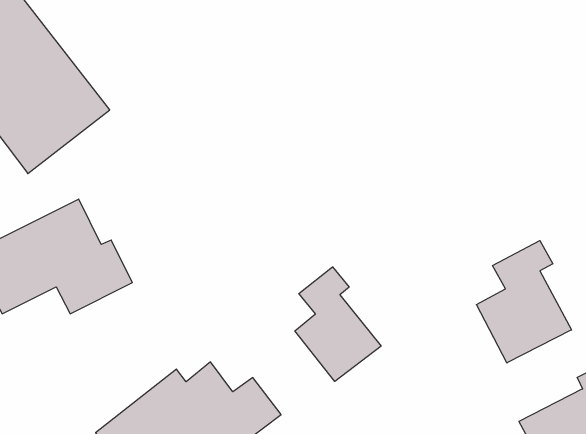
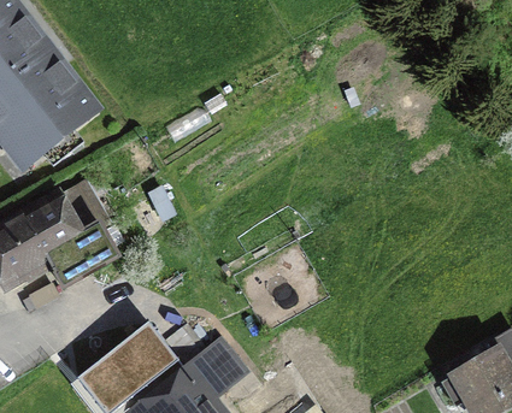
building: [476,241,572,363] -> none
building: [295,267,381,381] -> none

